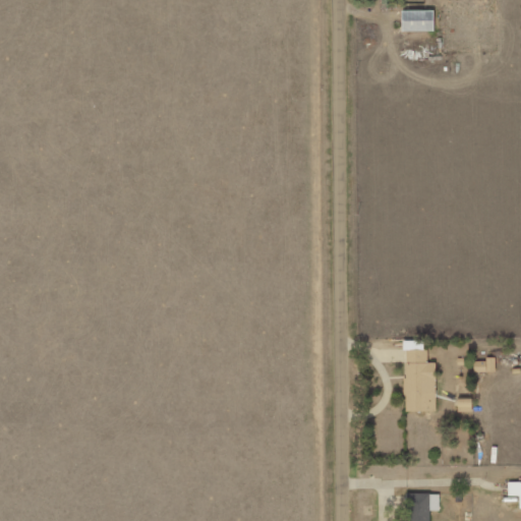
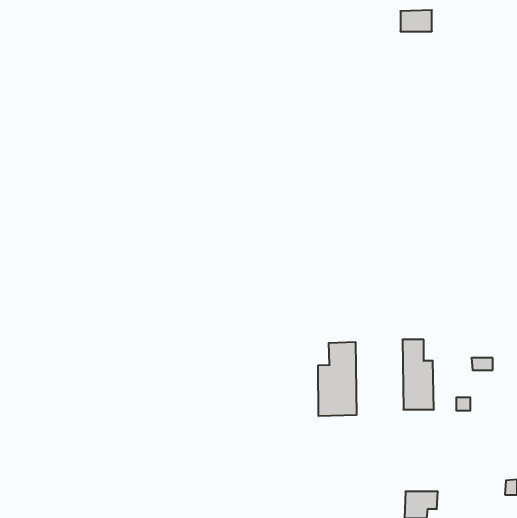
building: none -> [318,342,356,416]

